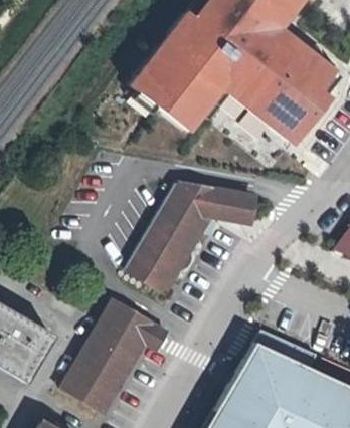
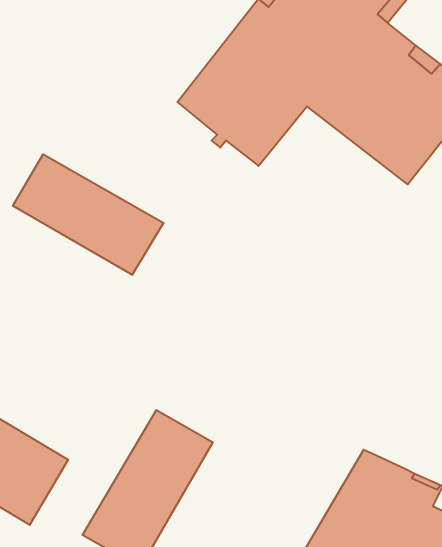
building: none -> [13,154,164,275]
building: [127,184,255,293] -> none

